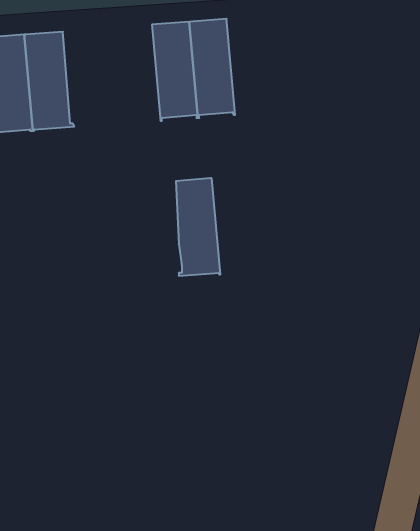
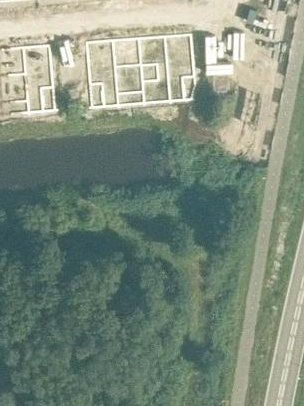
building: none -> [164,33,195,102]
building: [176,178,220,276] -> [87,39,118,107]

